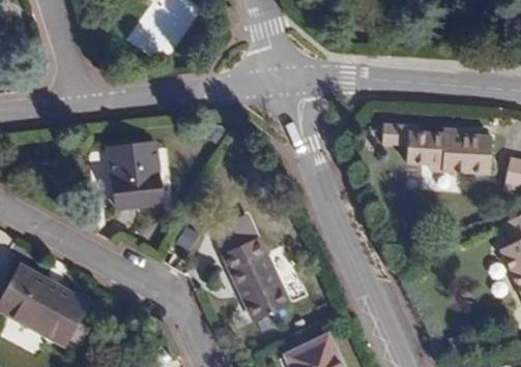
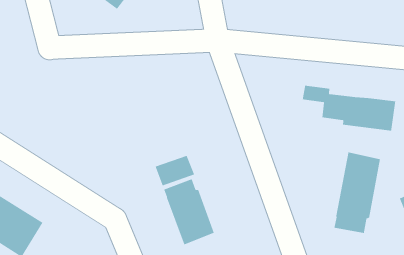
building: [108,143,163,208] -> none
building: none -> [334,151,381,234]

